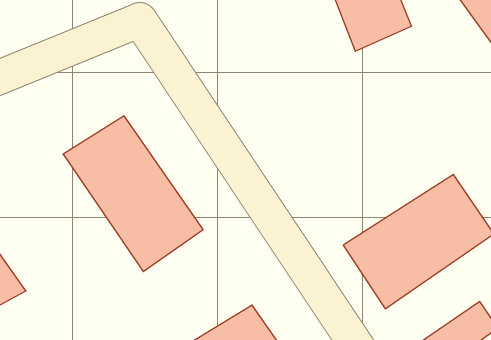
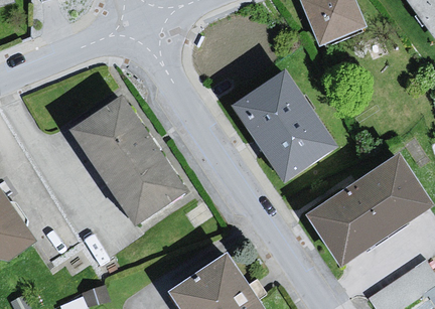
building: none -> [232,68,338,180]

